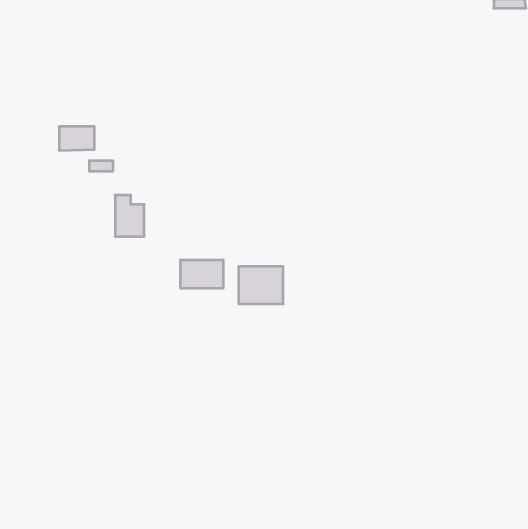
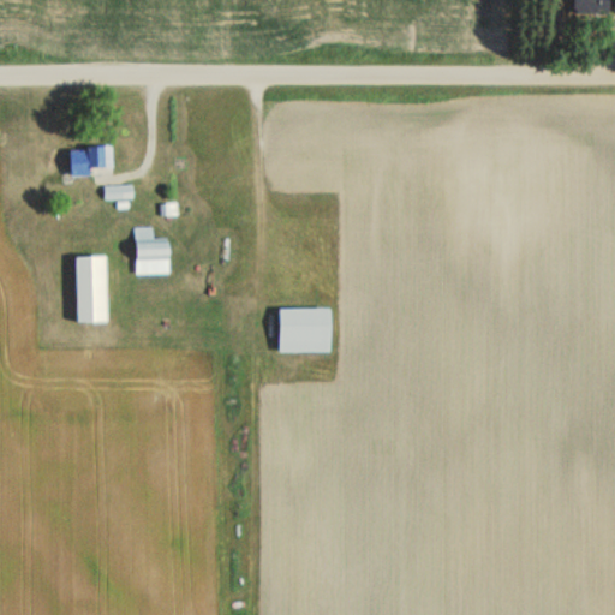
building: none -> [77,256,107,322]
building: [181,260,223,288] -> none

